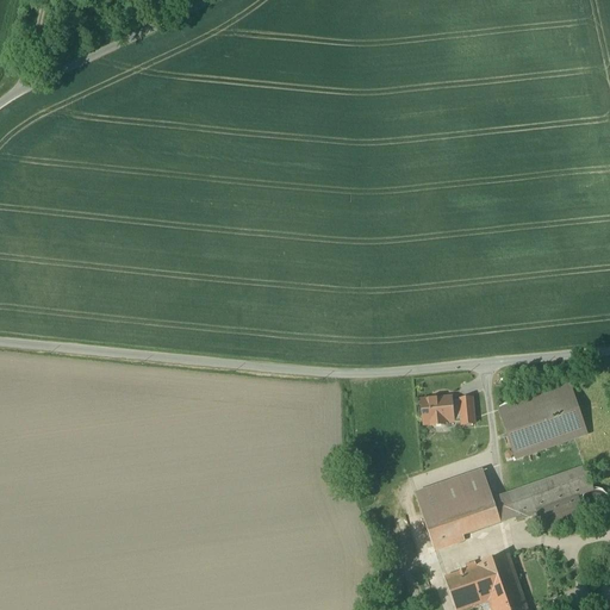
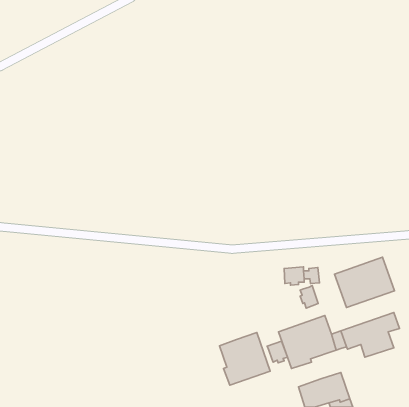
building: none -> [300,286,318,308]
building: none -> [220,333,270,385]
building: none -> [267,341,287,363]

